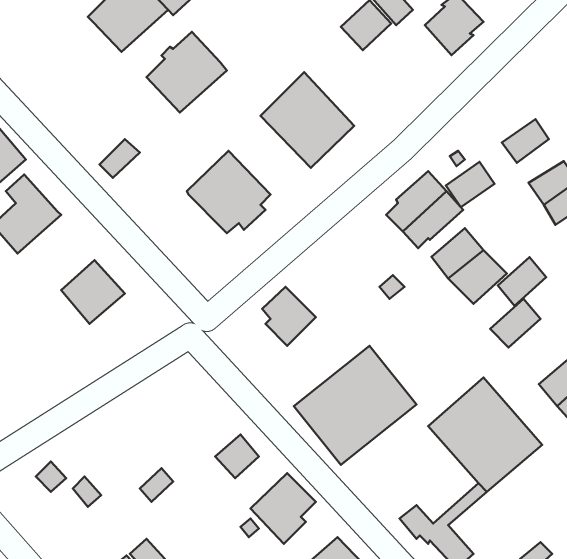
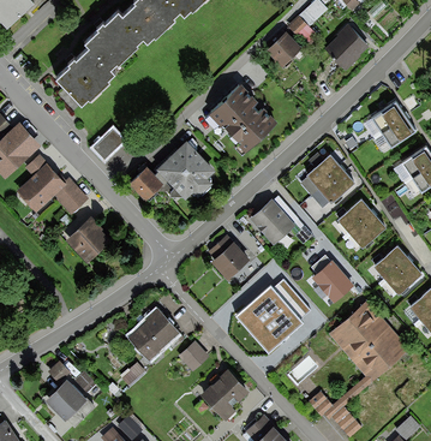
building: [146,32,227,112] -> [56,47,114,105]
building: [446,162,494,207] -> [371,101,406,133]
building: none -> [127,166,182,201]
building: none -> [54,179,88,215]
building: none -> [249,197,298,246]
building: [498,257,546,306] -> [387,260,421,294]
building: none -> [309,260,355,306]
building: none -> [130,310,179,359]
building: none -> [44,379,95,427]

